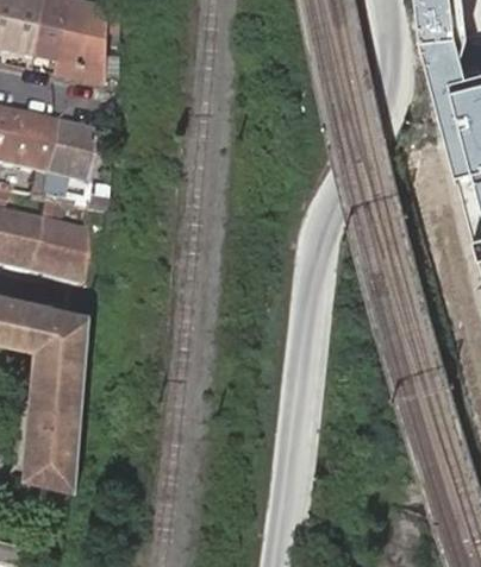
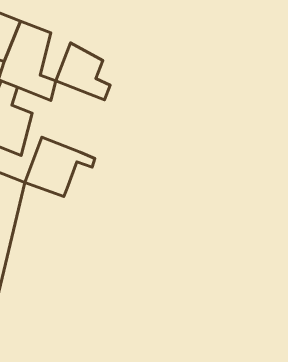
building: none -> [56,43,110,100]
building: none -> [25,137,95,196]

